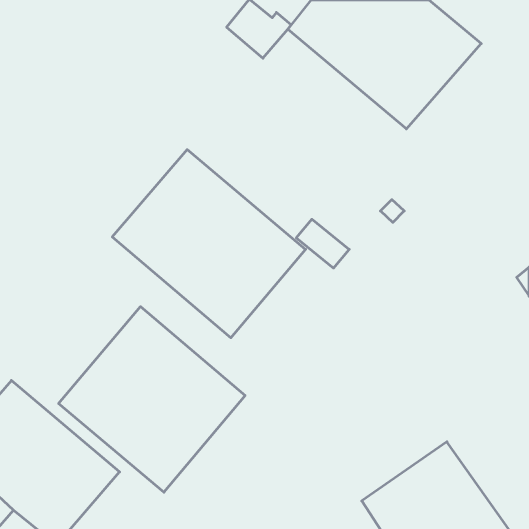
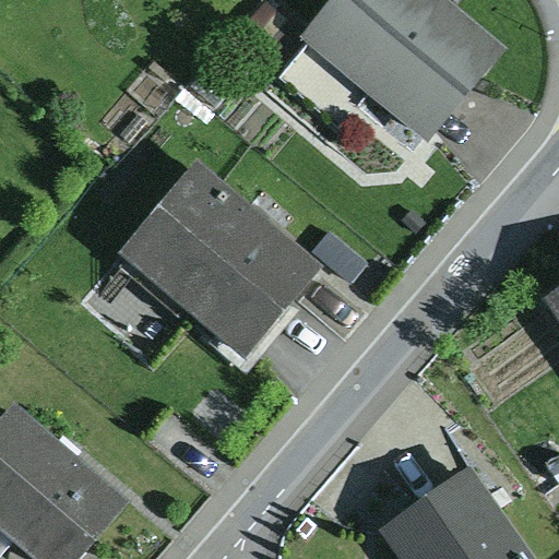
building: [59,307,245,492] -> none

